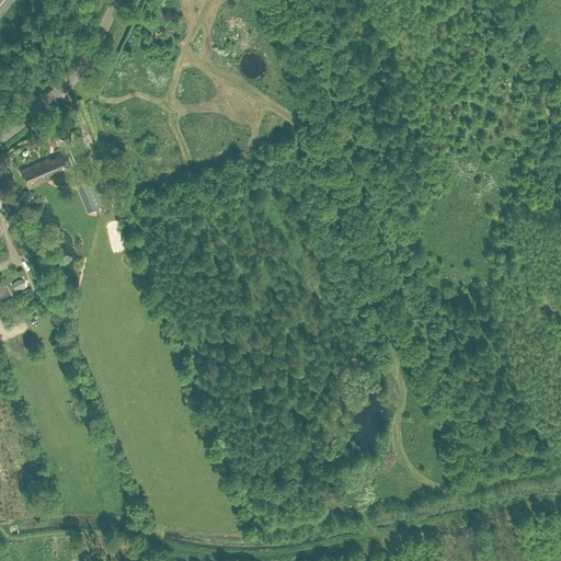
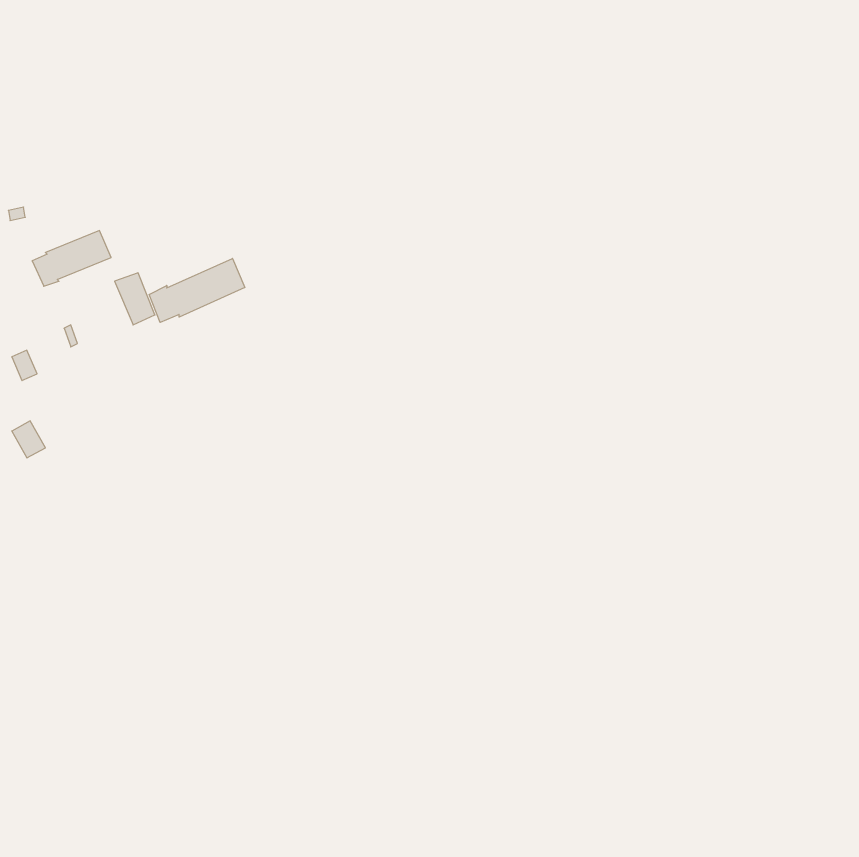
building: none -> [149,258,245,322]

